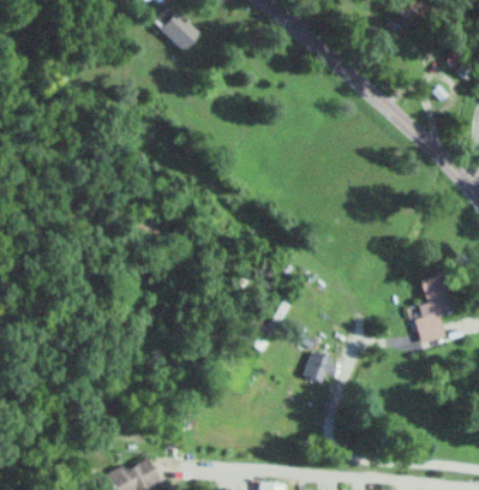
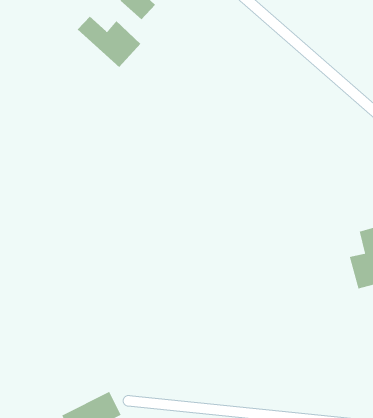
building: none -> [77,16,141,68]
building: [303,352,335,386] -> none

